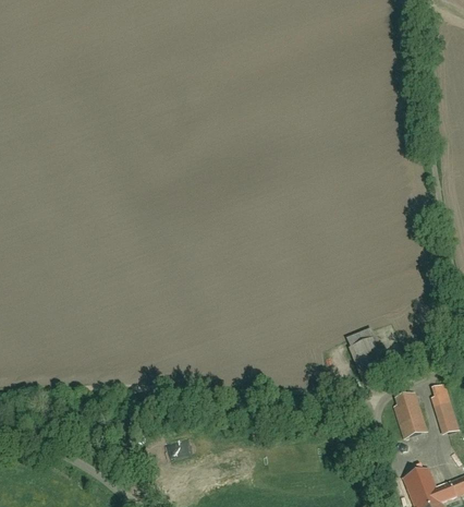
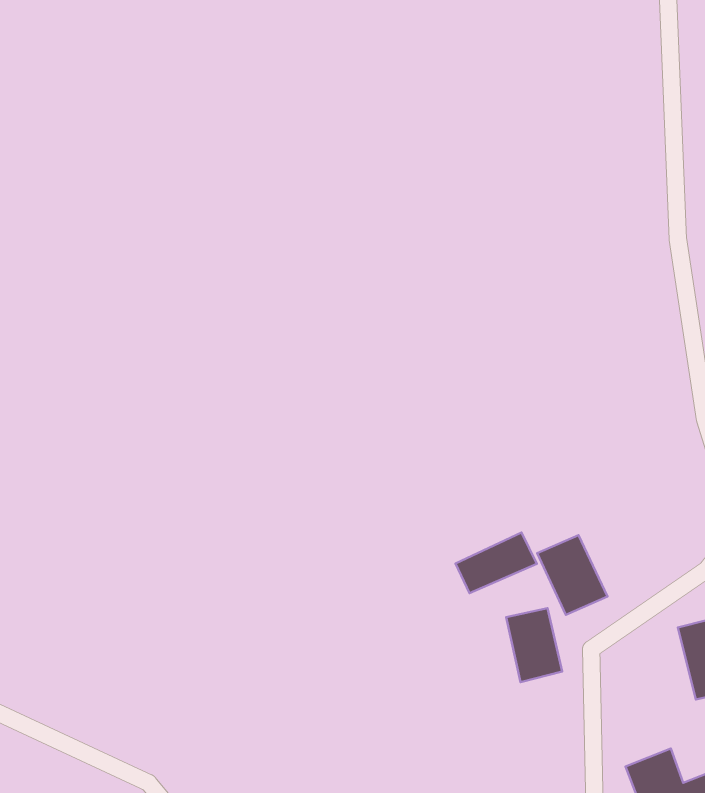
building: none -> [456,532,537,593]
building: [392,394,426,438] -> [506,608,562,682]

